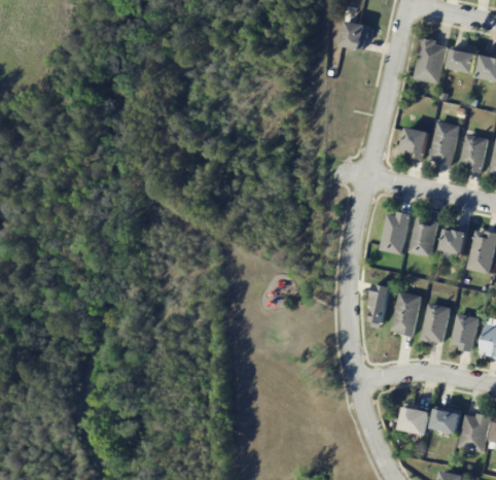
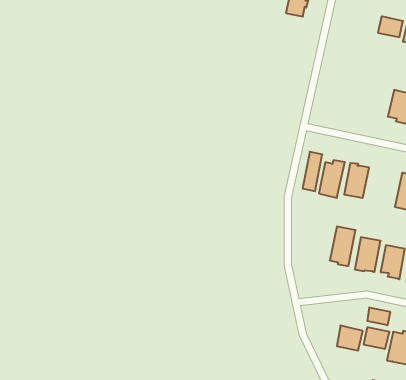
building: [416,38,449,84] -> none
building: [429,122,459,167] -> none
building: [401,128,428,160] -> none
building: [440,224,467,255] -> none
building: [365,282,388,328] -> [303,152,322,191]
building: none -> [367,307,390,325]

